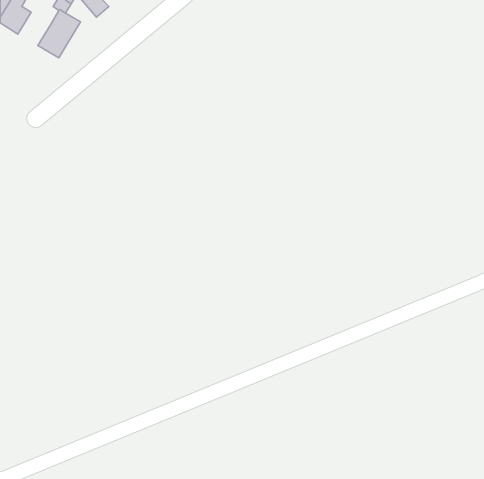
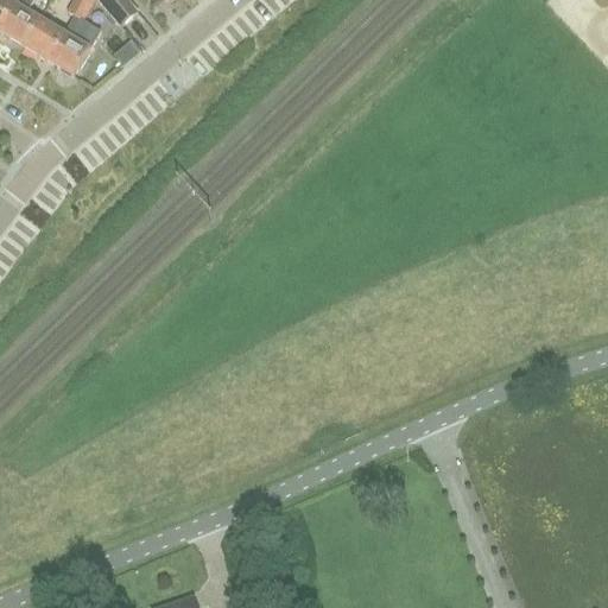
building: none -> [23,15,64,57]

